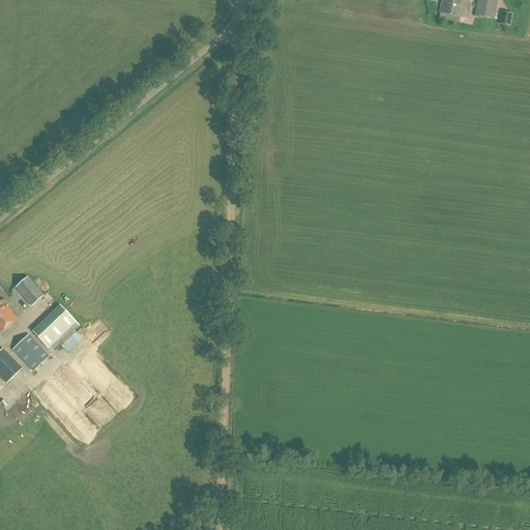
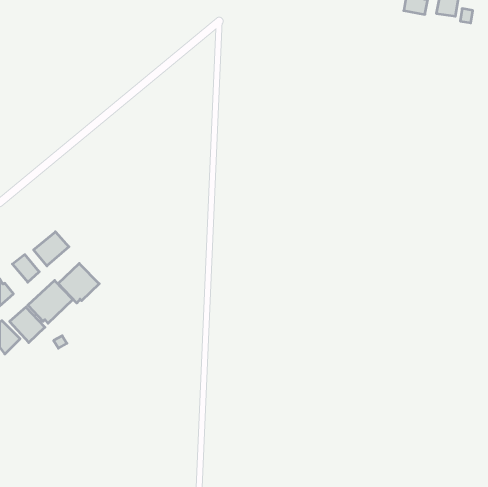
building: none -> [34,232,69,266]
building: none -> [58,263,99,303]

